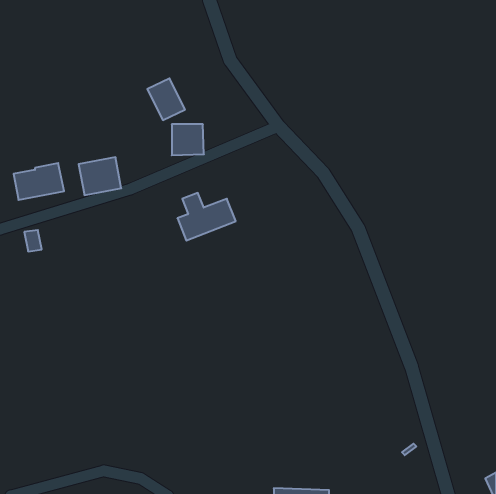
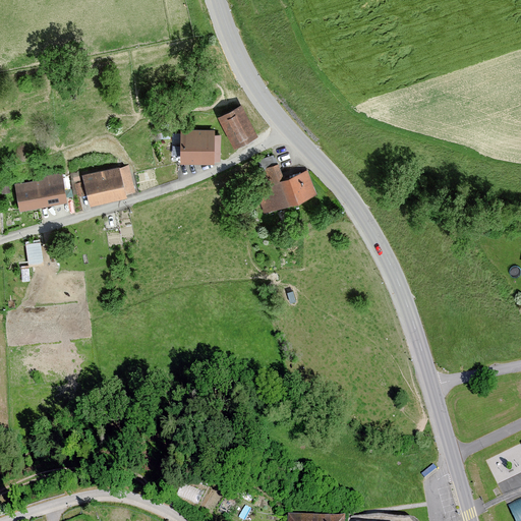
building: [147,78,185,120] -> [219,105,258,149]
building: [177,193,236,241] -> [256,165,317,215]

